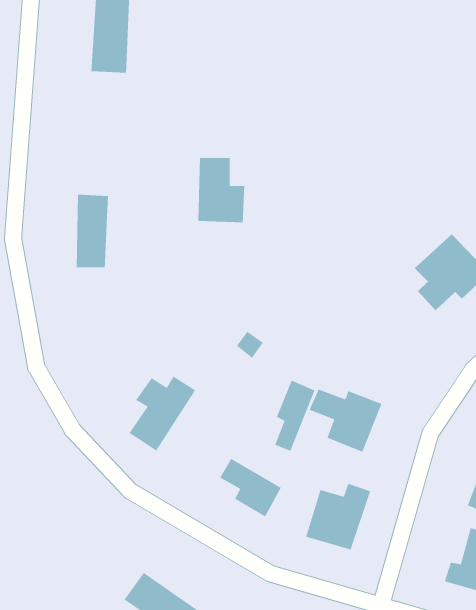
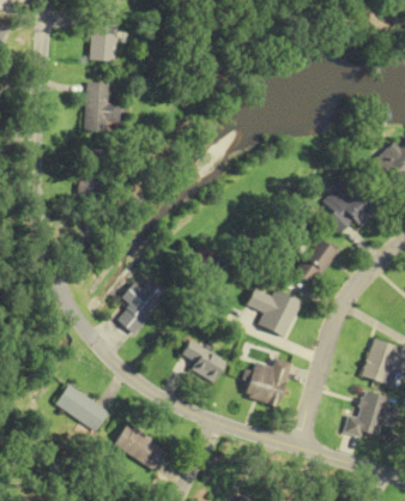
building: [197,157,245,223] -> [85,83,120,131]
building: none -> [294,237,339,286]
building: [274,380,315,452] -> none
building: none -> [53,385,108,431]

